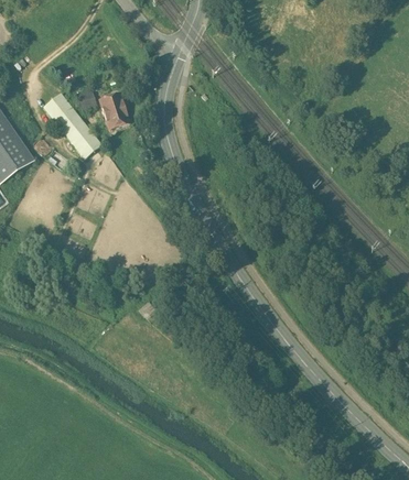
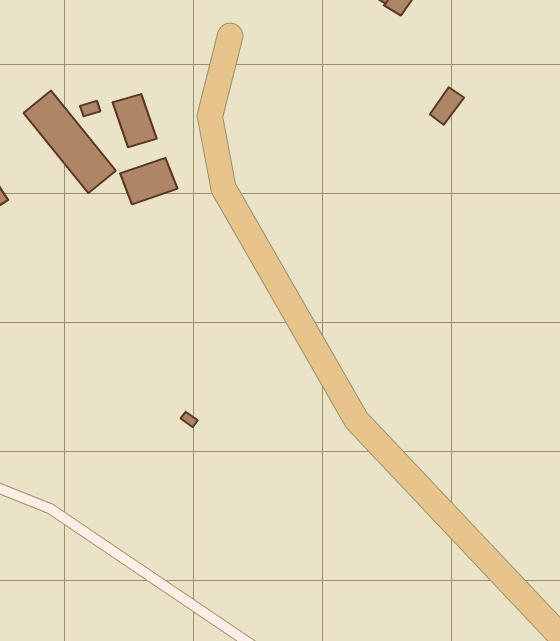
building: none -> [120,158,177,204]

